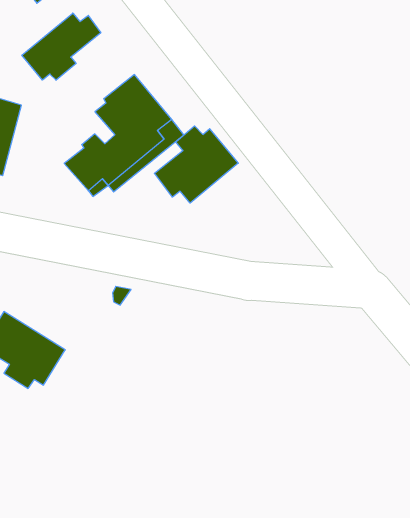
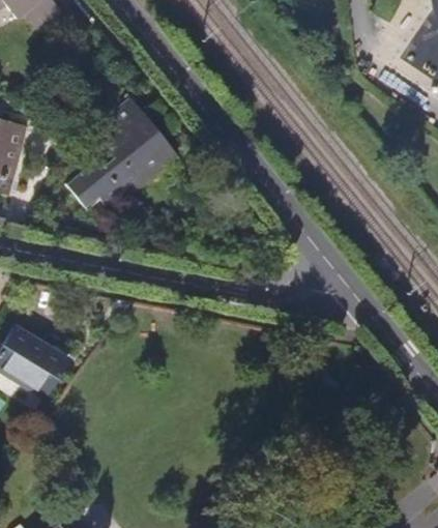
building: [22,13,101,80] -> none
building: [154,126,238,203] -> none

